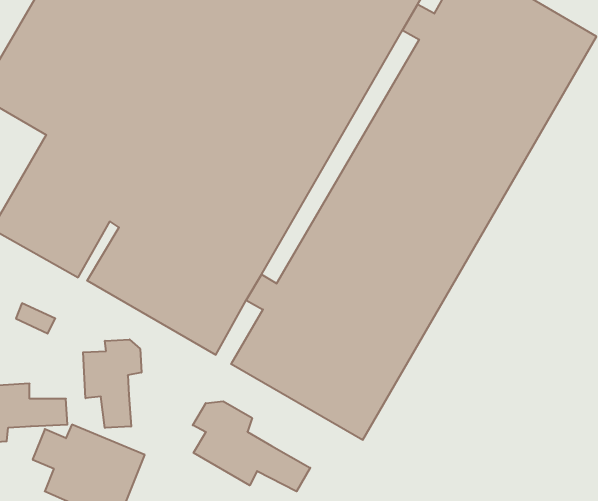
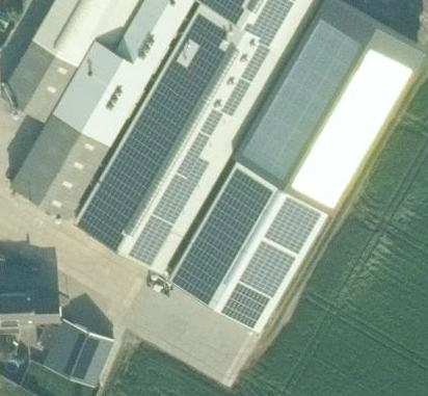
building: [83,339,141,428] -> none
building: [193,401,310,491] -> none

